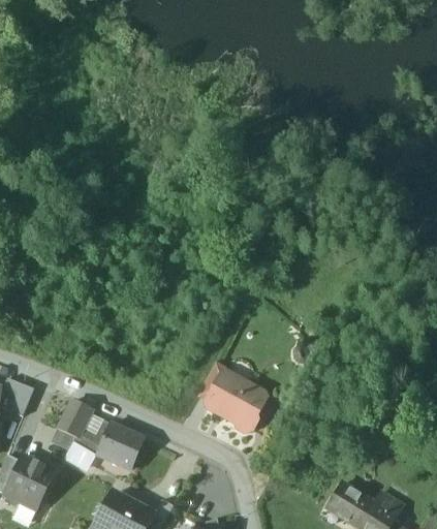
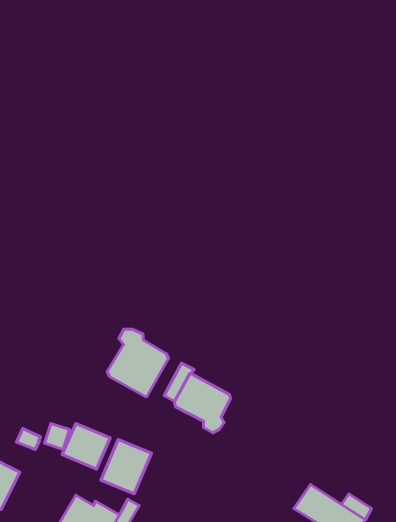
building: none -> [107,329,168,397]
building: [58,401,91,437] -> none
building: none -> [101,439,151,494]

